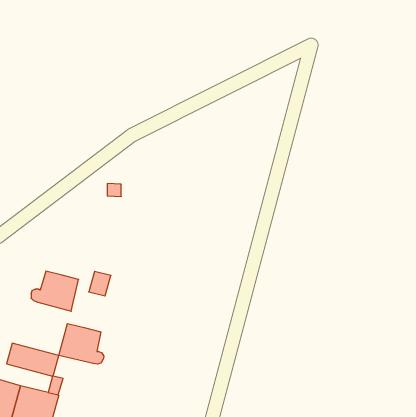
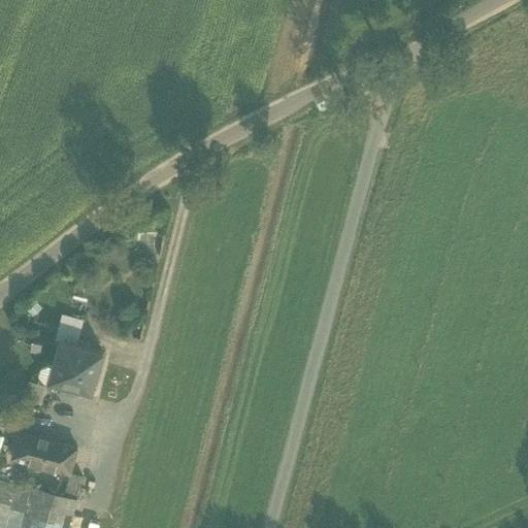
building: [89,271,111,296] -> [58,318,86,349]
building: [59,324,104,364] -> none

